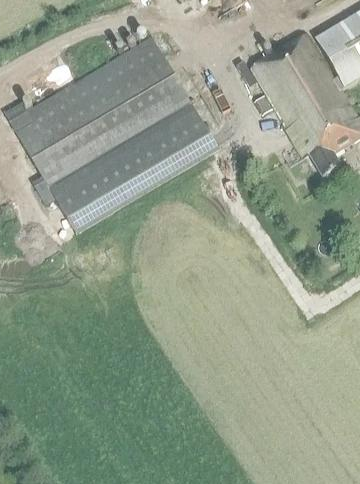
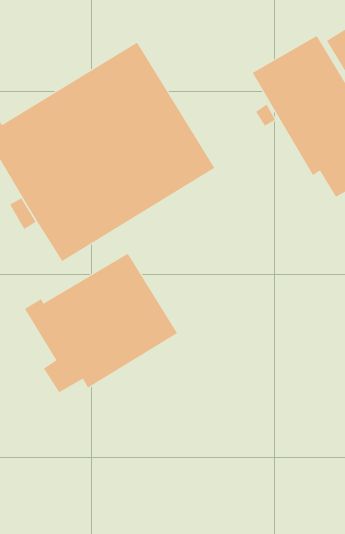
building: none -> [24,253,178,393]

